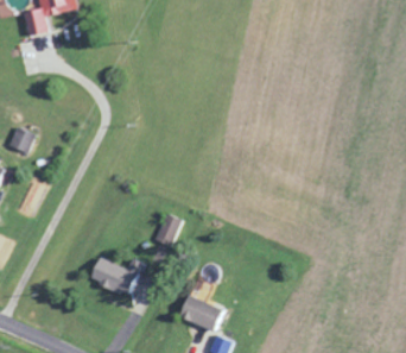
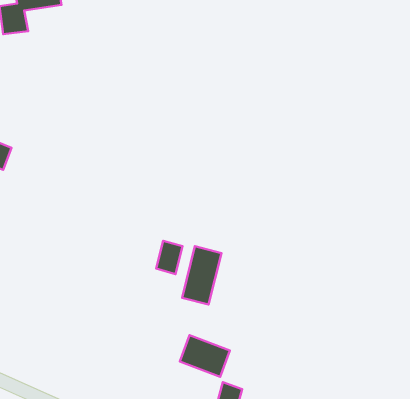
building: none -> [182,246,221,305]
building: [89,254,135,292] -> none

